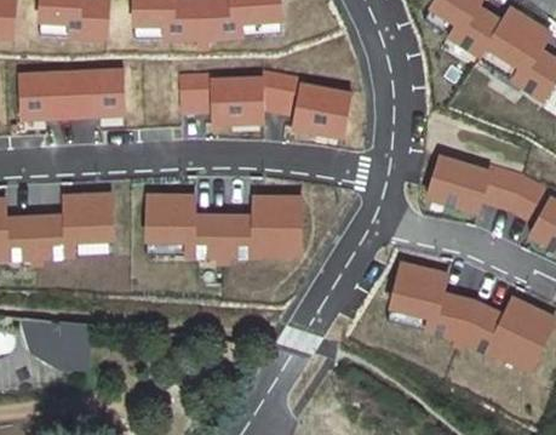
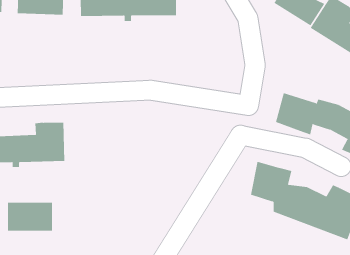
building: [22,69,122,120] -> none
building: [182,70,349,136] -> none
building: [151,195,298,262] -> none

